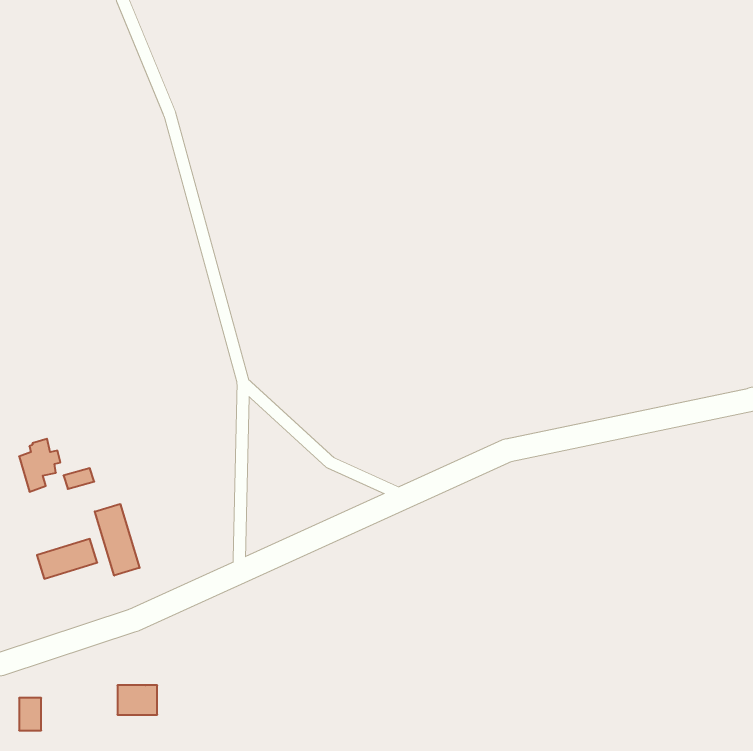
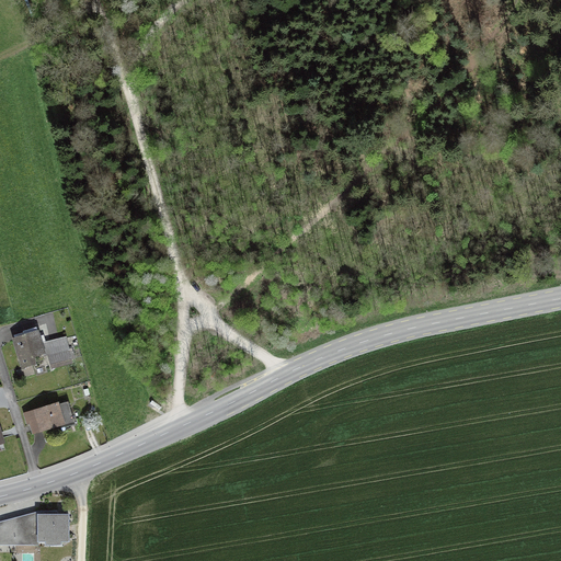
building: [95,504,140,576] -> none
building: [117,685,157,715] -> [37,514,67,536]

